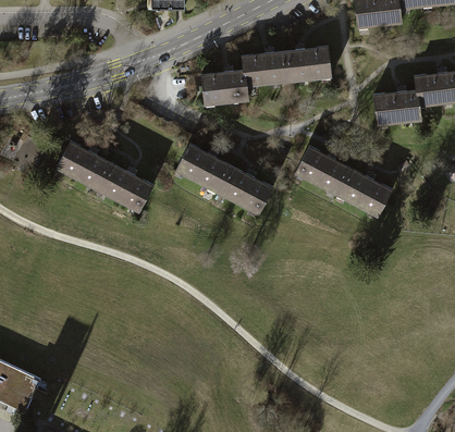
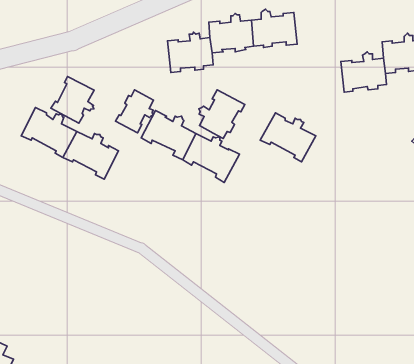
building: none -> [51,77,94,123]
building: none -> [199,90,245,139]
building: none -> [116,90,153,133]
building: [335,170,392,219] -> none

